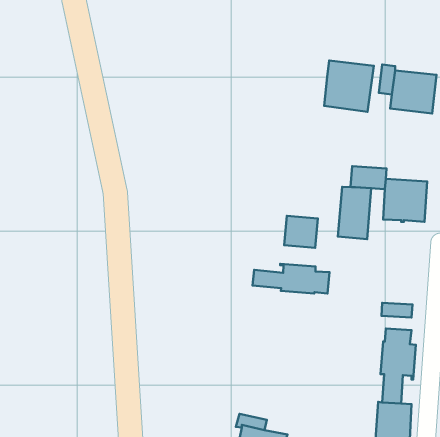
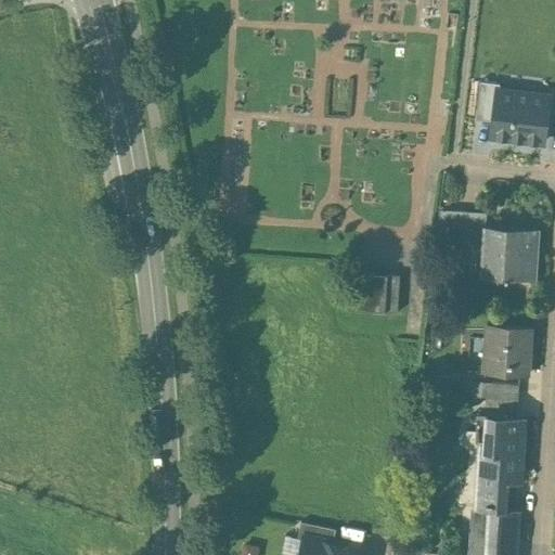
building: [324,61,374,112] -> none
building: [338,187,371,239] -> none
building: none -> [483,327,530,377]
building: [252,264,329,294] -> none

